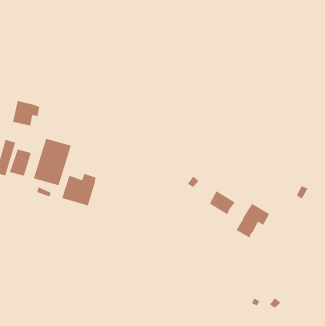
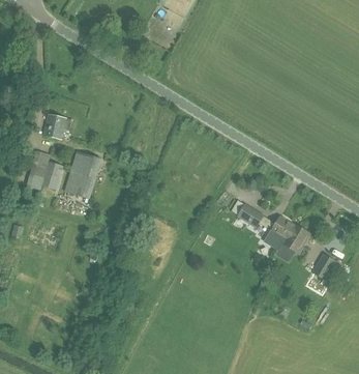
building: [61,173,96,207] -> none
building: none -> [278,226,309,255]
building: none -> [312,253,339,281]

